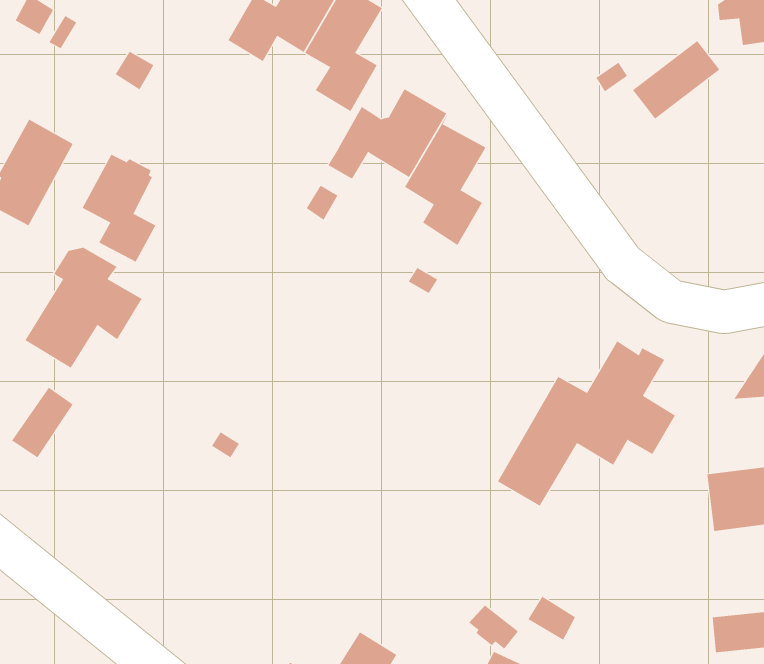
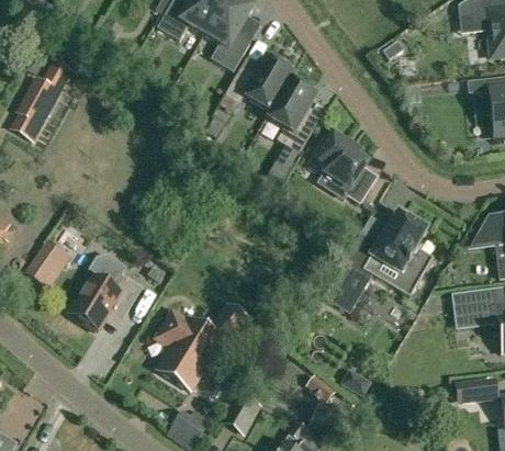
building: [632,40,720,119] -> none
building: [82,154,156,262] -> none
building: none -> [315,132,378,202]
building: [25,247,143,369] -> [70,253,143,328]
building: none -> [154,301,251,392]

